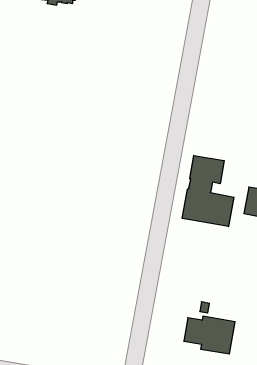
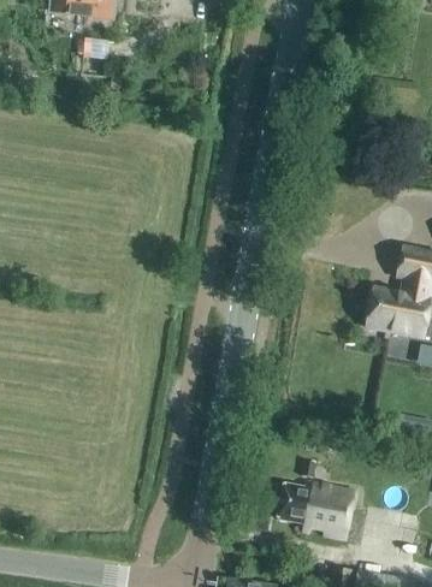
building: [182,155,234,227] -> none

